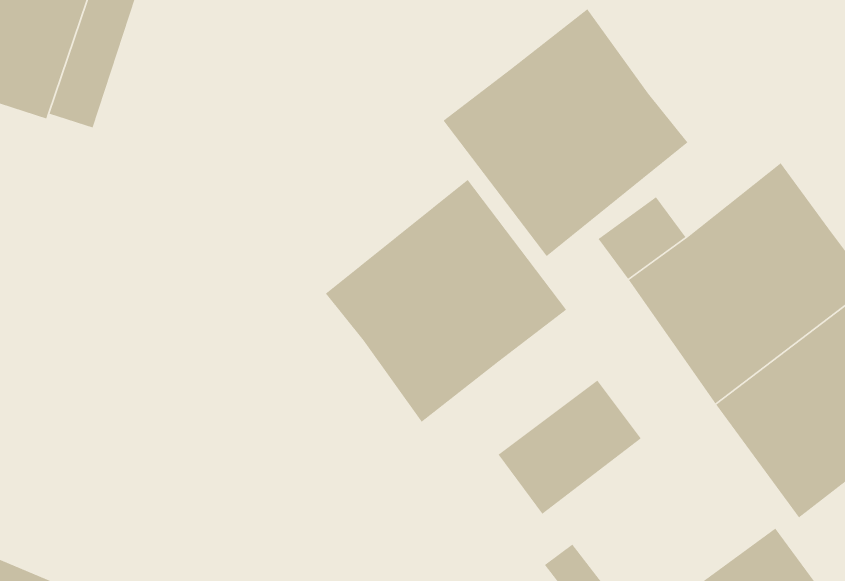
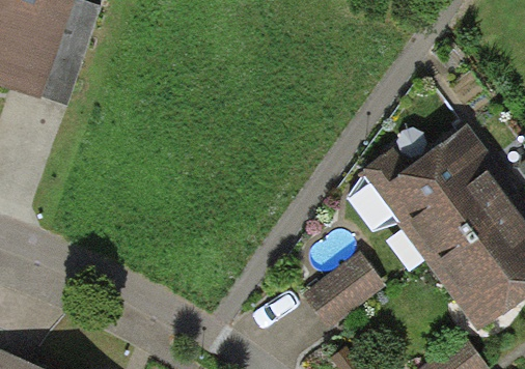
building: [443,8,689,257] -> none
building: [325,179,567,423] -> none

